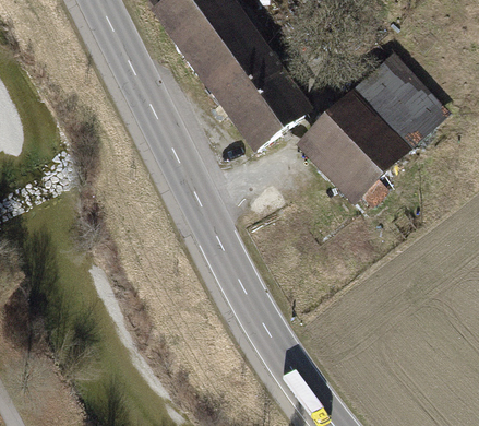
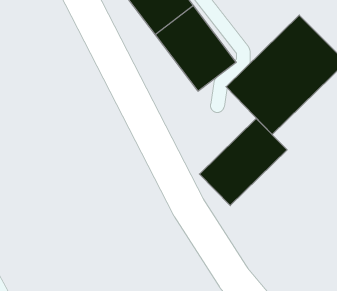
building: none -> [199,118,287,206]

